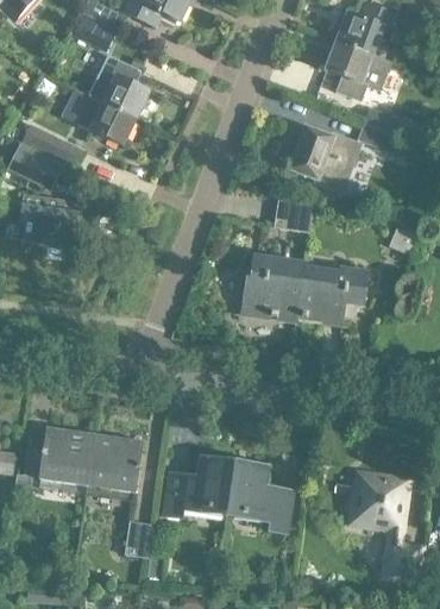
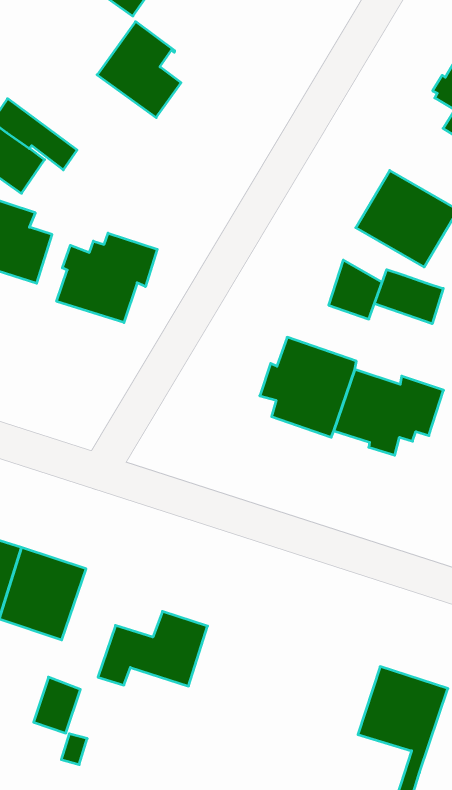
building: [77,95,136,145] -> none
building: none -> [374,270,443,324]
building: none -> [57,233,157,323]
building: [227,465,293,532] -> none

